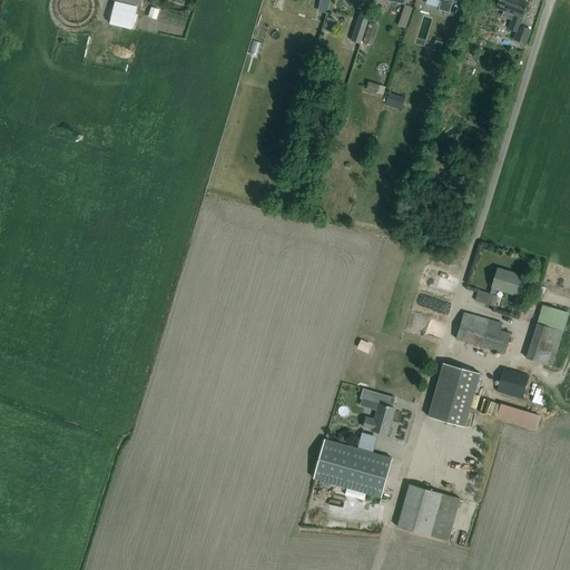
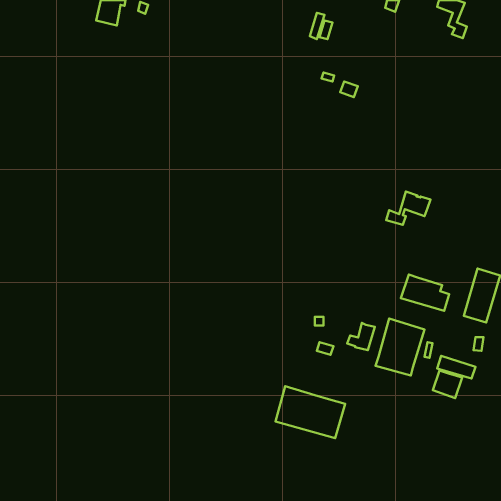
building: [475,268,525,306] -> [386,192,430,225]
building: [495,368,529,400] -> [433,371,462,398]
building: [363,403,394,434] -> [347,323,375,350]
building: [397,484,460,541] -> none

